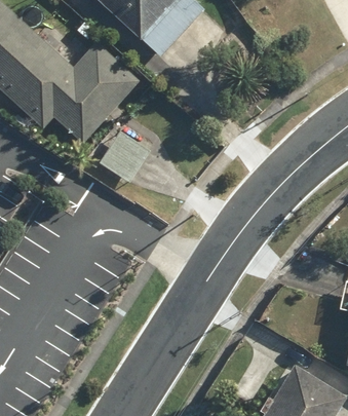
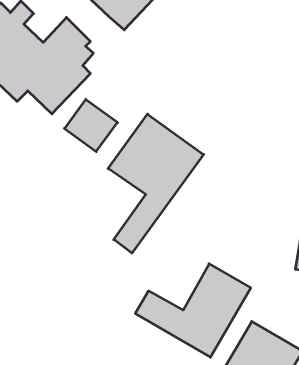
building: none -> [108,114,204,253]
building: none -> [135,264,251,357]

